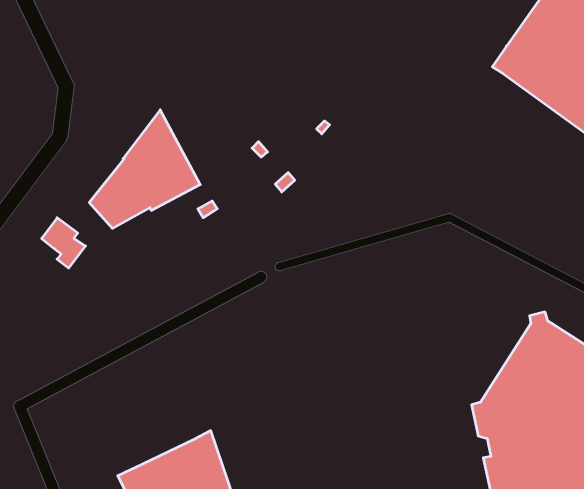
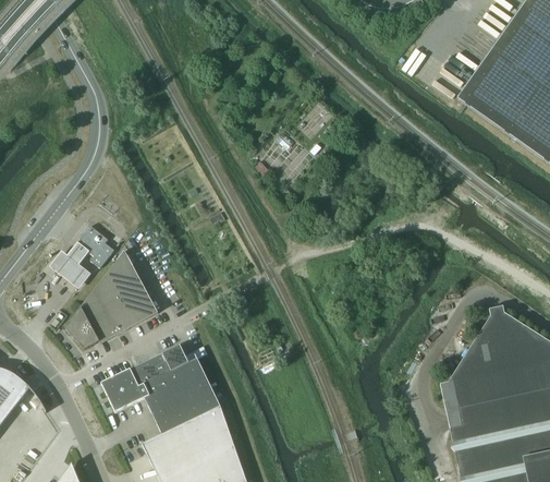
building: [89,110,200,228] -> [64,250,158,350]
building: none -> [49,243,90,289]
building: none -> [100,345,220,434]

